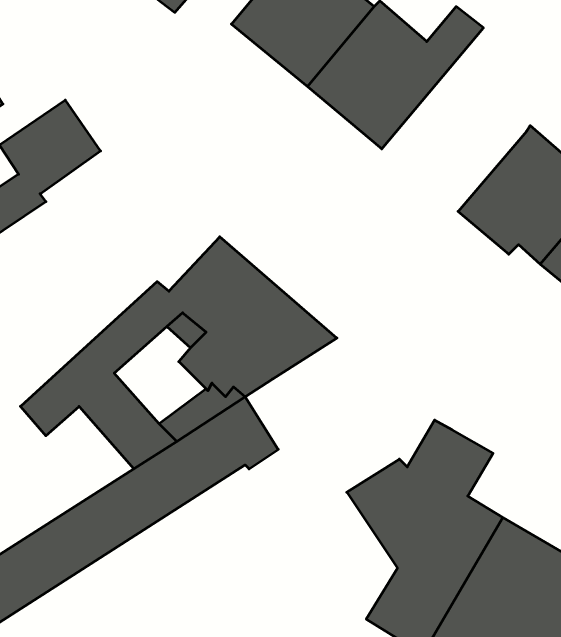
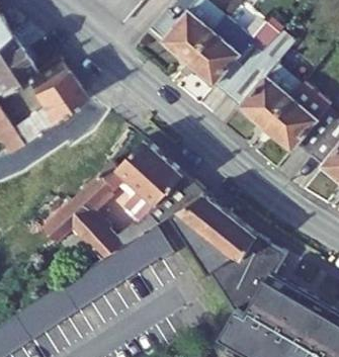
building: none -> [230,32,305,127]
building: none -> [173,193,257,273]

